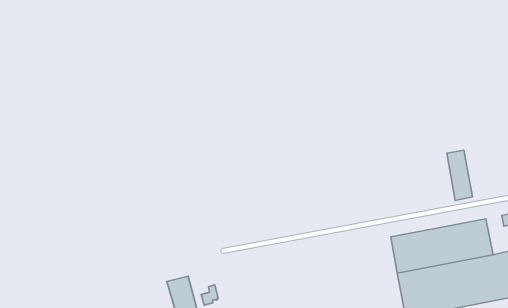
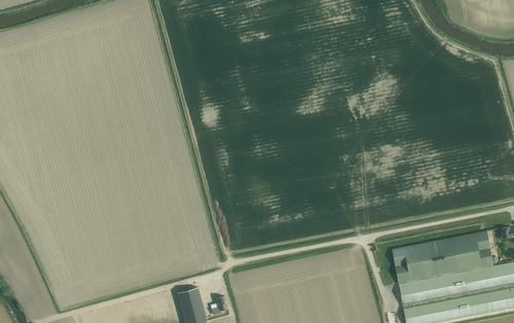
building: [447,150,473,200] -> none

